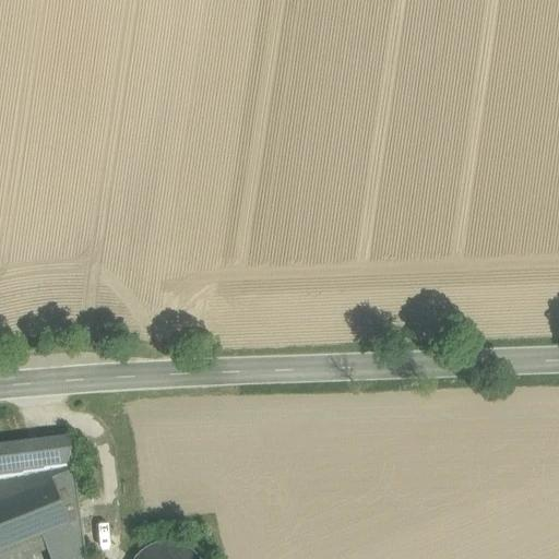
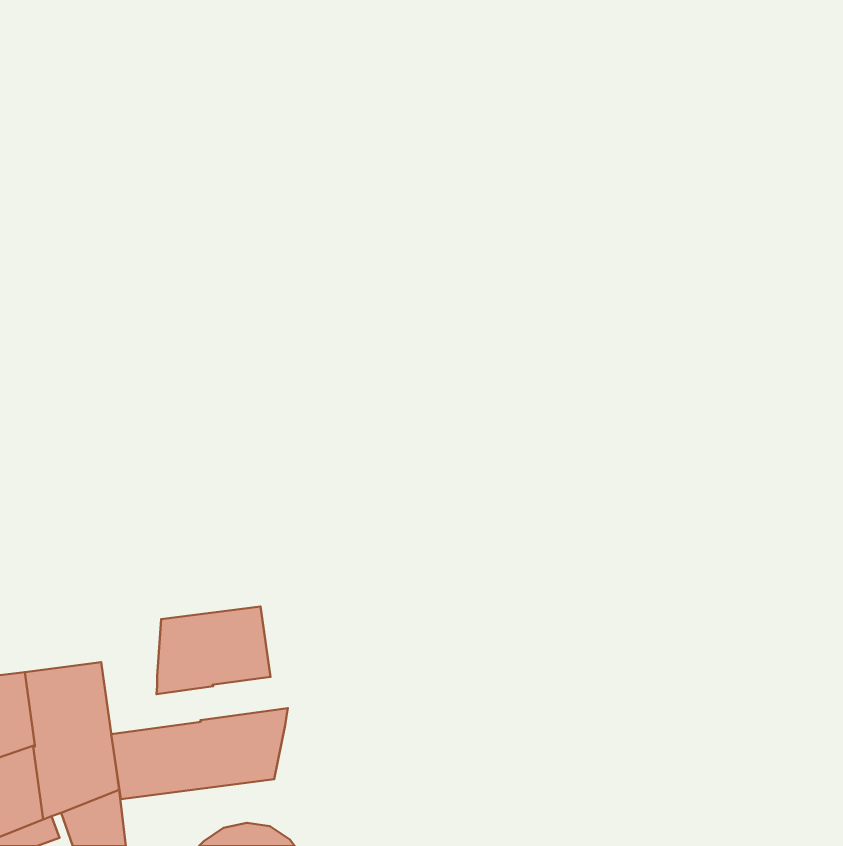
building: none -> [156,606,270,694]
building: none -> [111,708,288,799]

